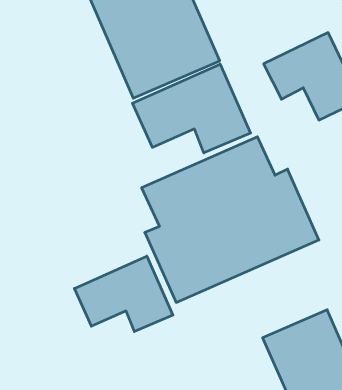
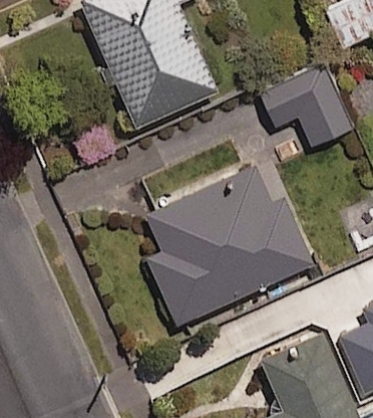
building: [132,64,251,153] -> none
building: [74,256,173,332] -> none

